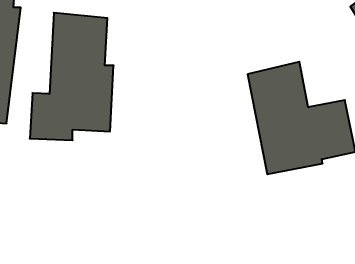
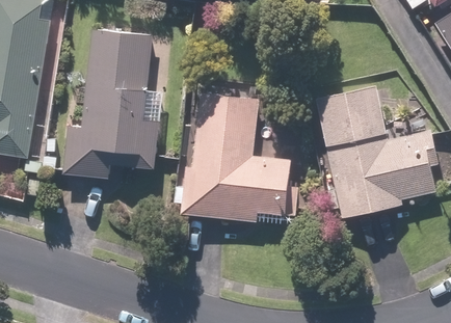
building: none -> [184,95,293,219]

